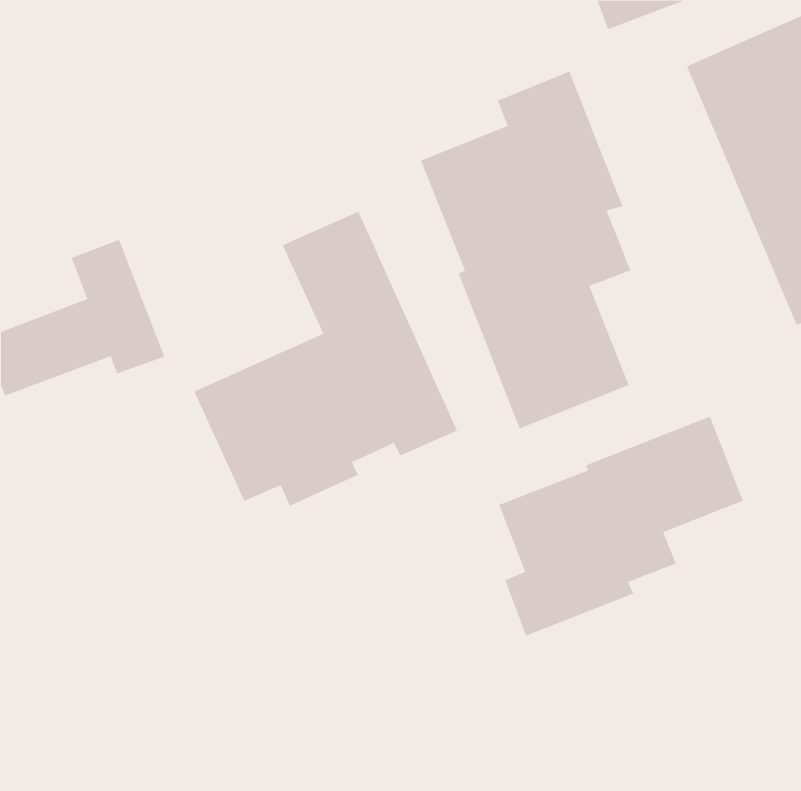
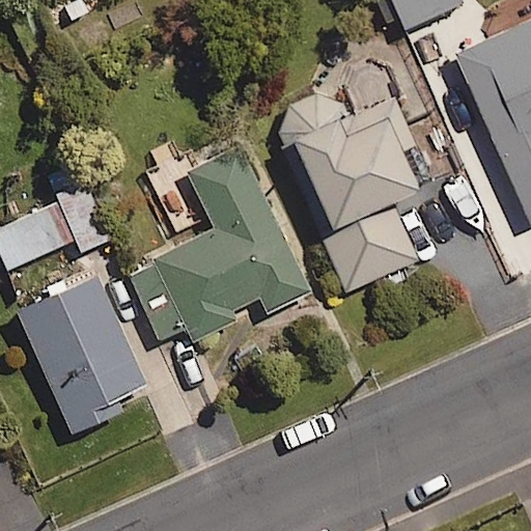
building: none -> [16,274,144,434]
building: [498,416,743,636] -> none

